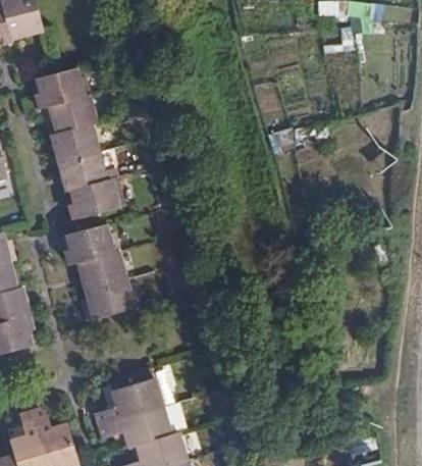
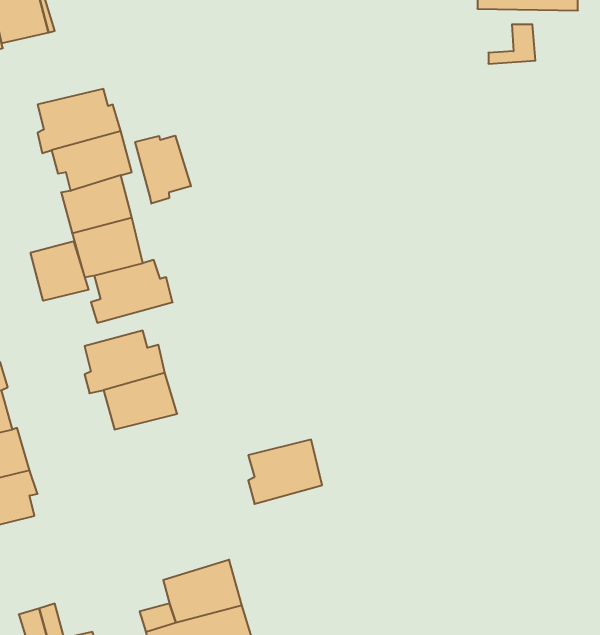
building: none -> [135,136,191,204]
building: none -> [31,241,89,301]
building: [83,279,130,321] -> [248,440,322,504]

